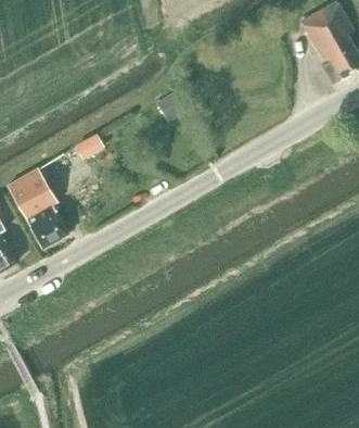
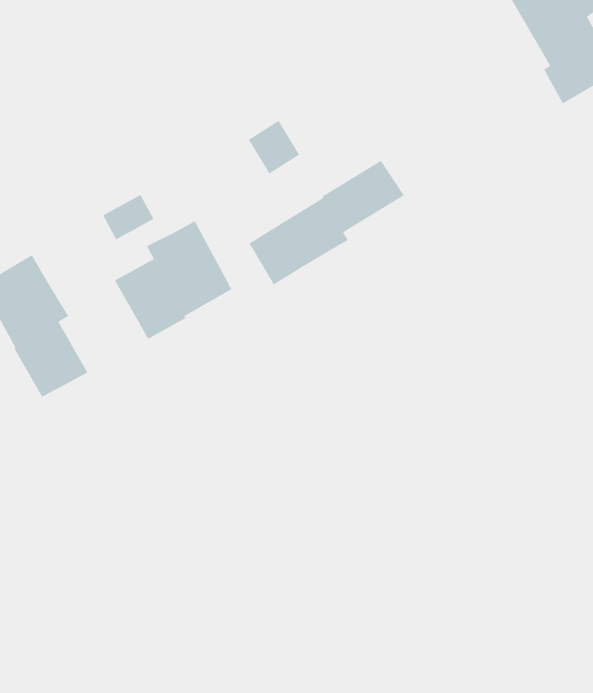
building: none -> [249,160,405,286]
building: none -> [114,220,233,340]

